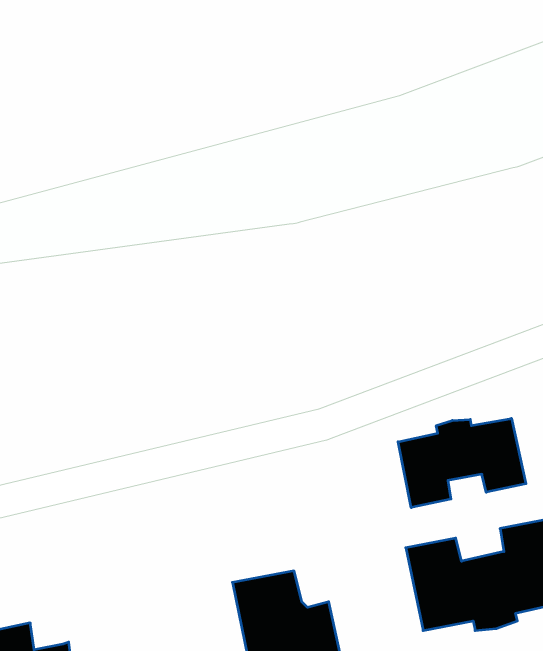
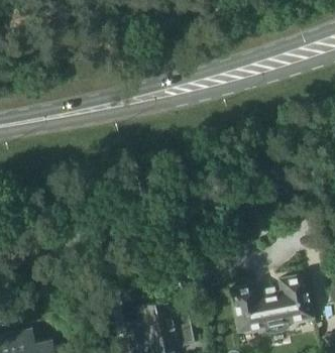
building: [398,418,526,508] -> none

